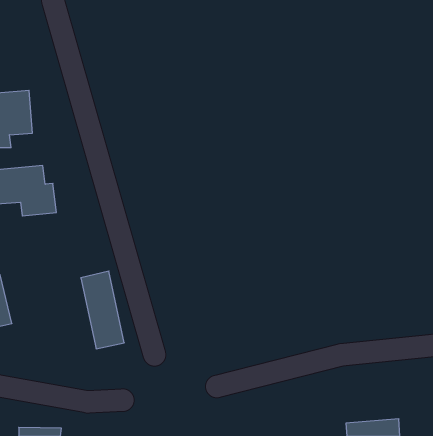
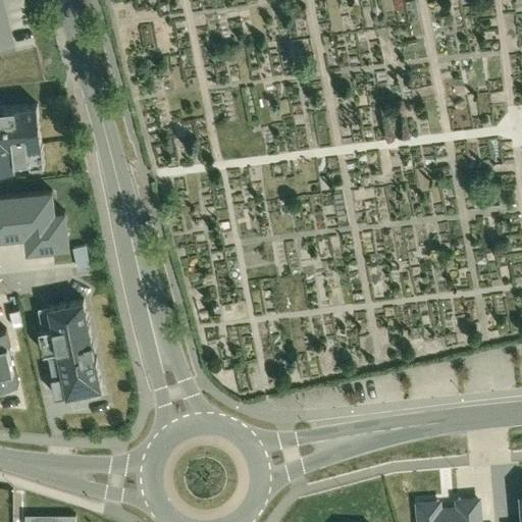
building: [81,271,124,349] -> [48,309,100,402]

